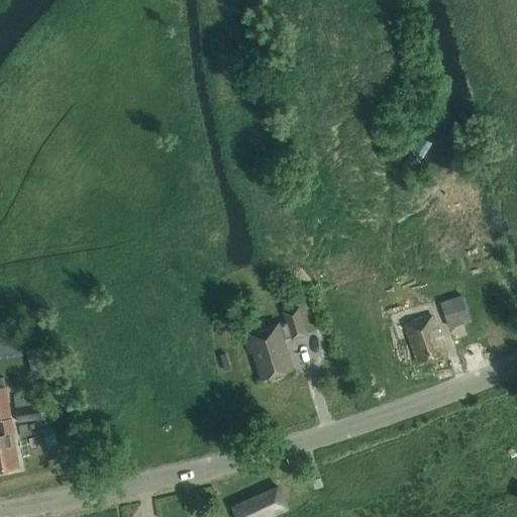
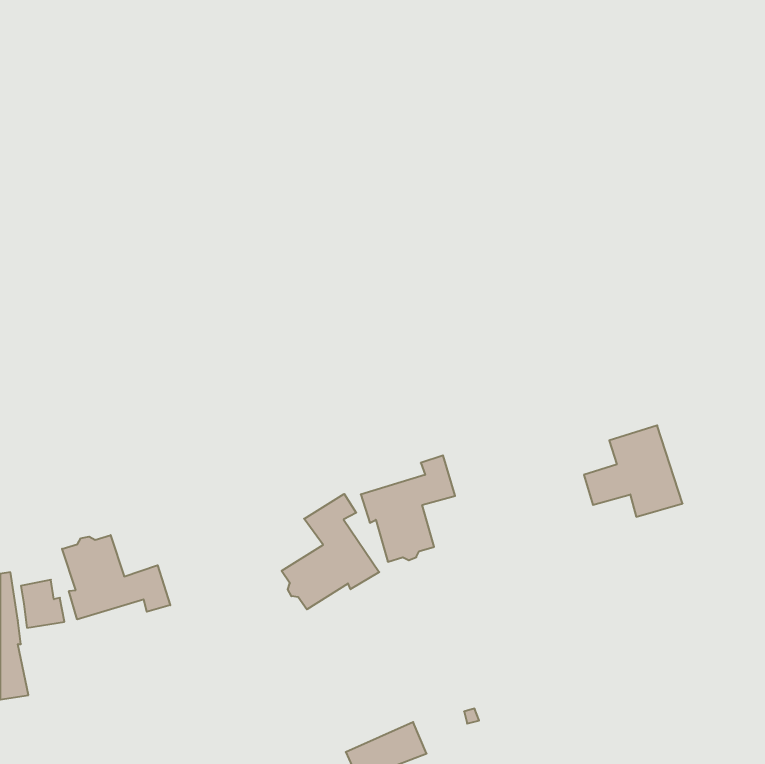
building: none -> [282,494,379,609]
building: none -> [62,535,170,619]

